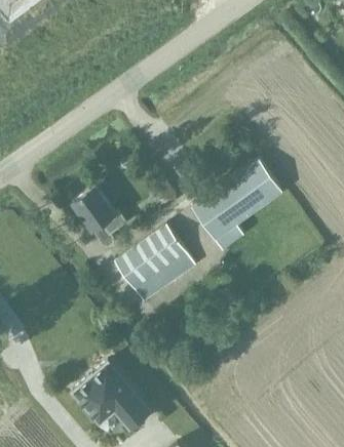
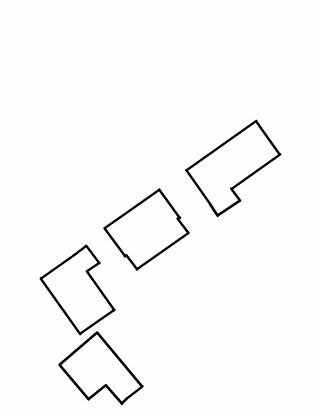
building: [72,185,127,234] -> none
building: none -> [41,246,114,334]

